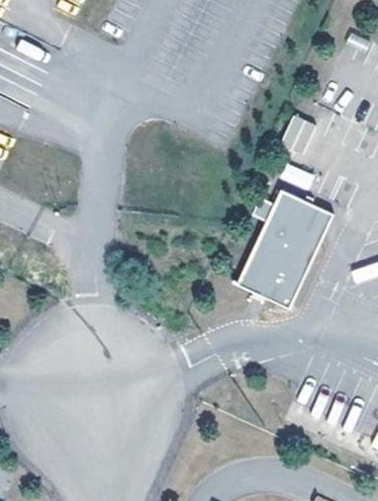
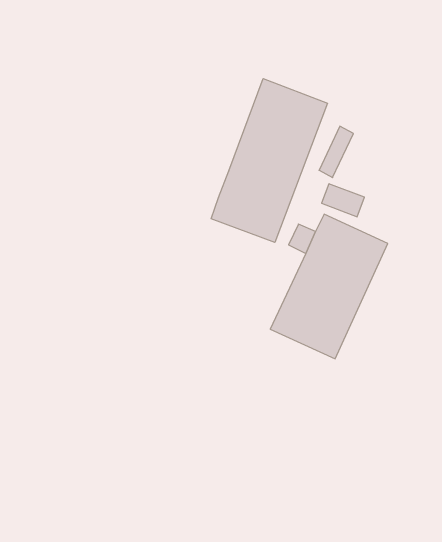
building: none -> [211,79,328,242]

